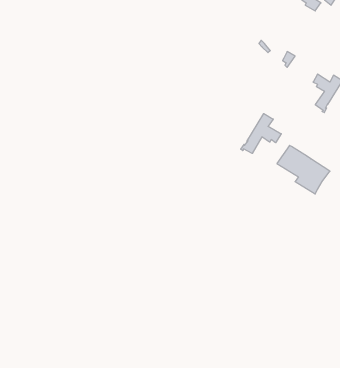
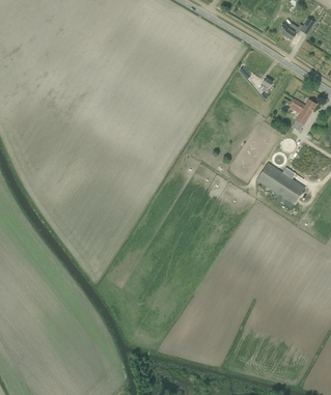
building: [241,114,281,153] -> none

